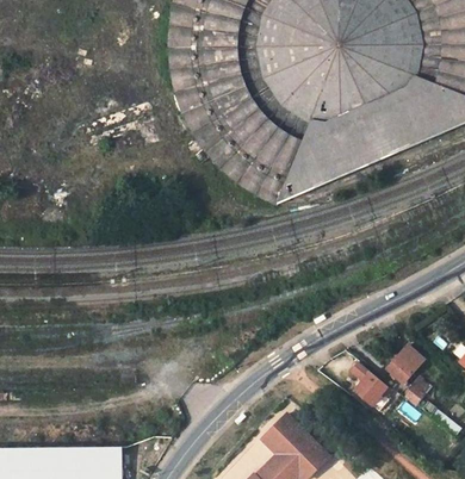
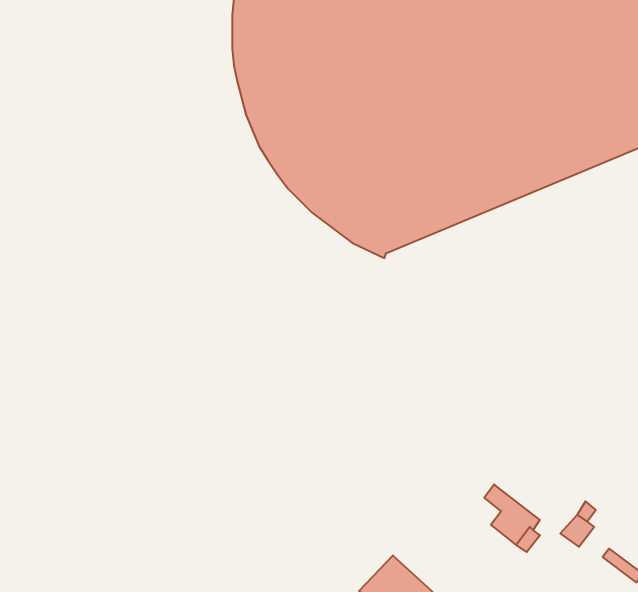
building: [385,344,423,381] -> none

